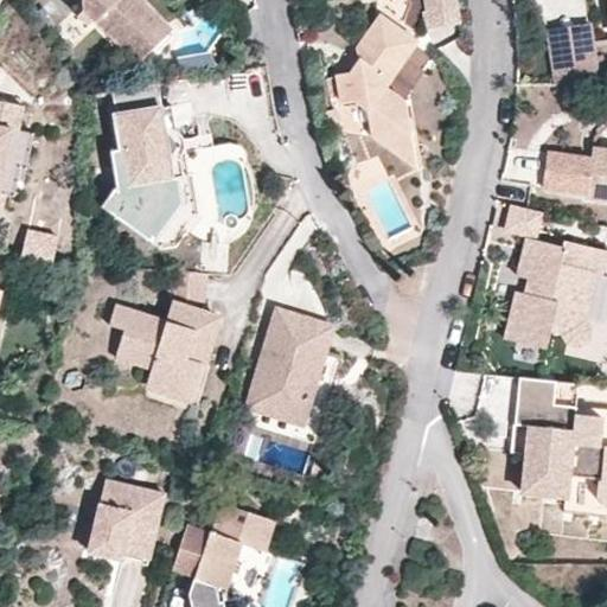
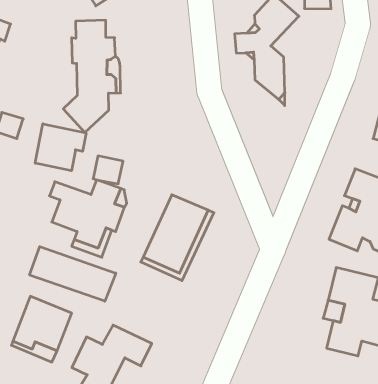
building: none -> [35,124,86,171]
building: none -> [30,247,116,301]

